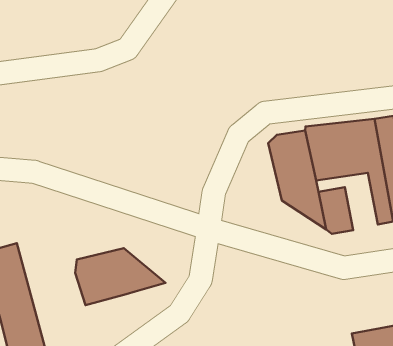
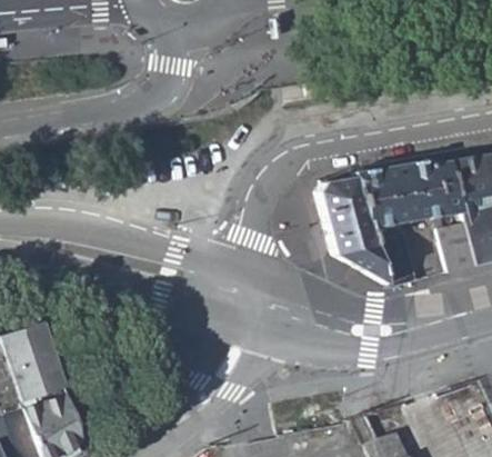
building: [75,248,166,305] -> none

